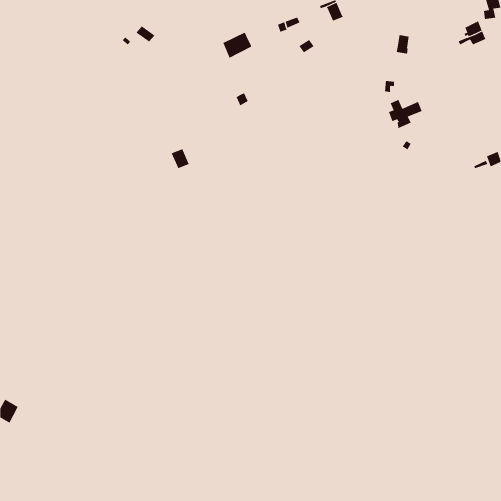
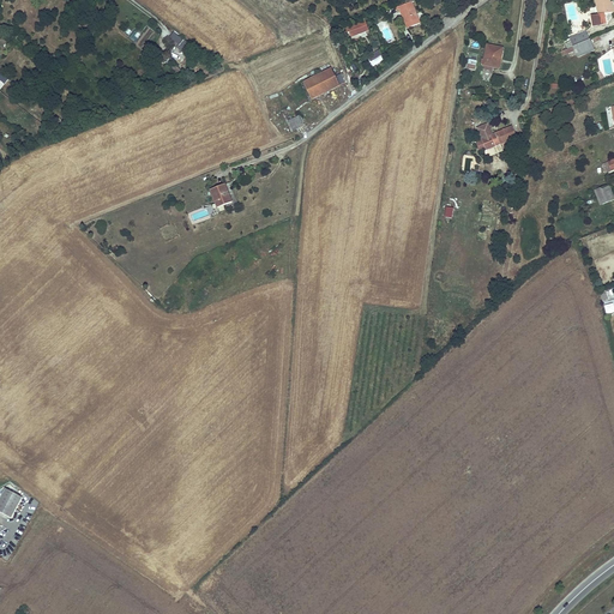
building: [222,32,252,58] -> [302,66,338,98]

